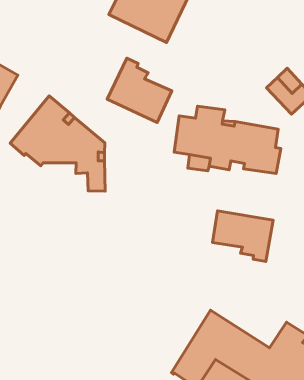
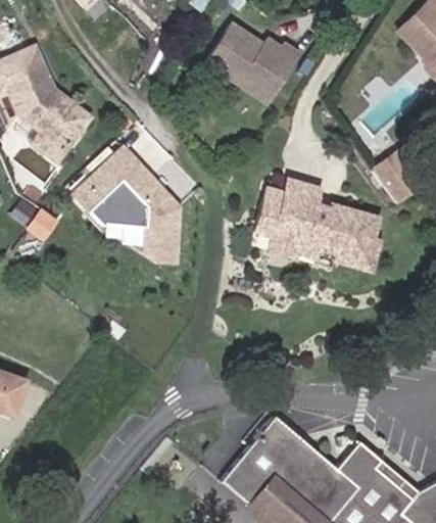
building: [107,58,172,122] -> none
building: [213,211,273,262] -> none

